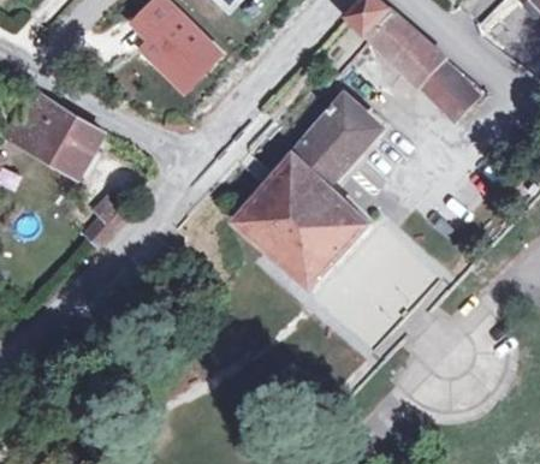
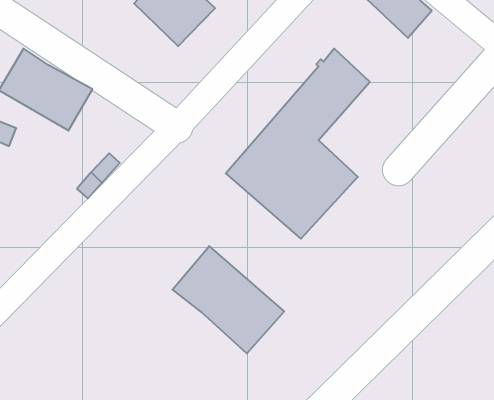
building: [419,56,481,119] -> none
building: none -> [172,246,284,354]

